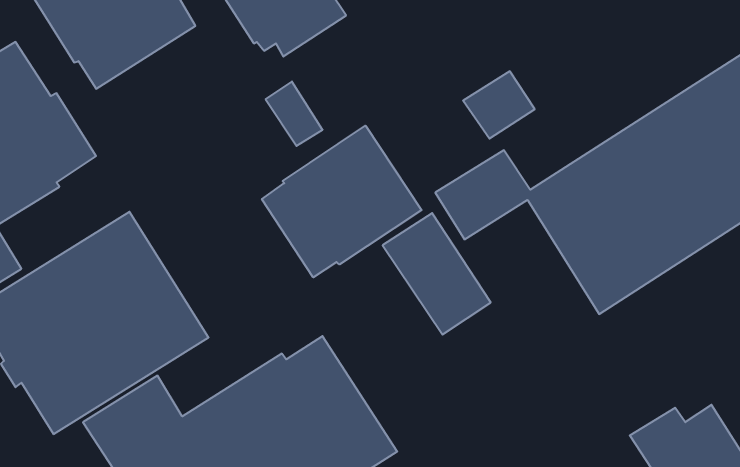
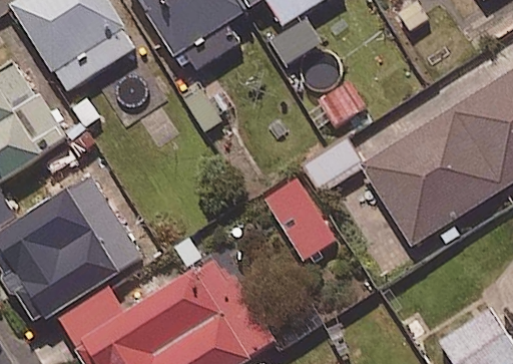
building: [262,126,422,277] -> none

